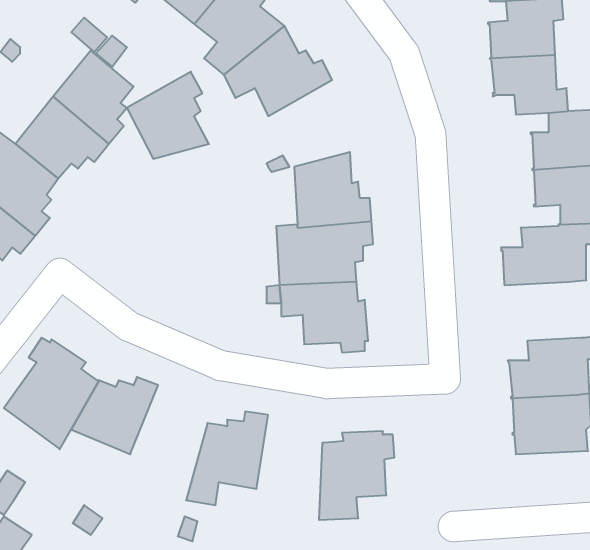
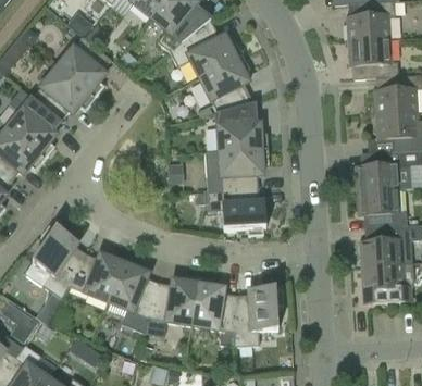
building: [127,72,209,159] -> [199,54,253,112]
building: none -> [356,188,407,227]
building: none -> [108,257,159,333]
building: none -> [191,276,235,346]

